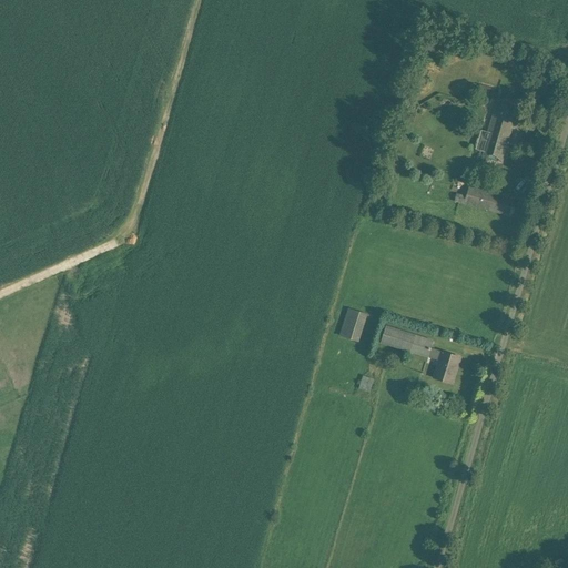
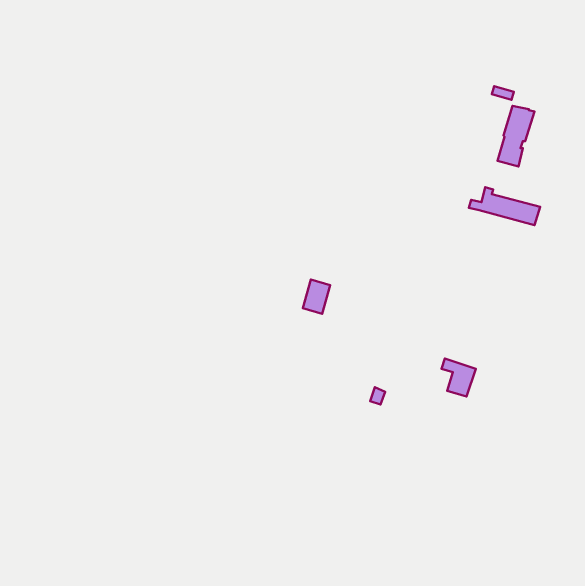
building: [338,307,365,341] -> [303,279,330,314]
building: [379,325,432,356] -> none

